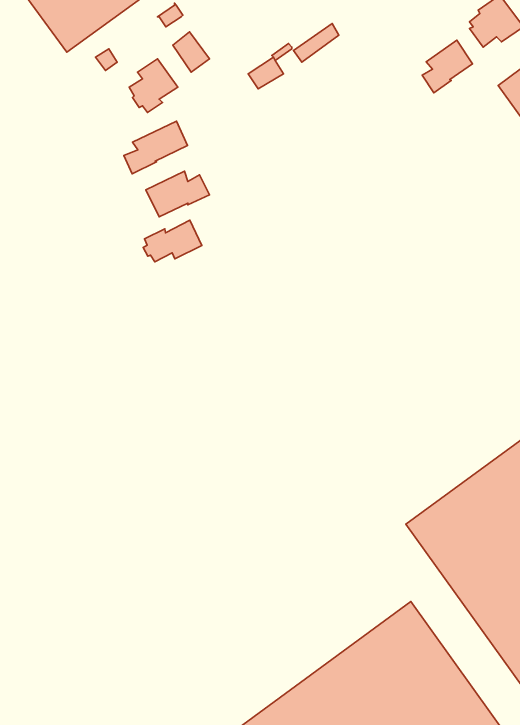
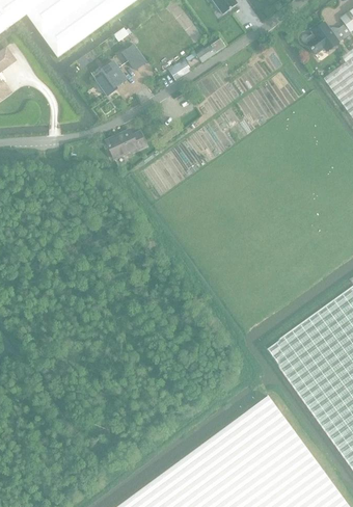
building: [422,40,472,93] -> none
building: [124,121,187,174] -> none
building: [143,220,202,262] -> none

